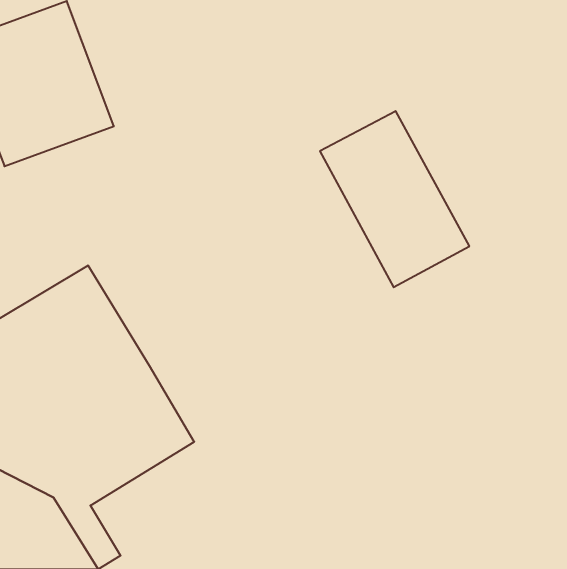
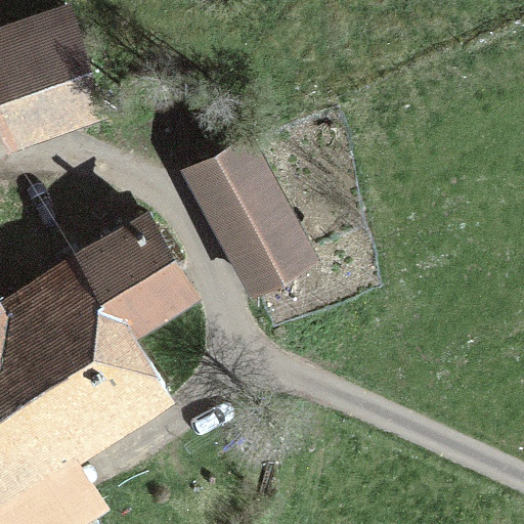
building: [320,111,469,287] -> [181,135,318,297]
building: none -> [81,208,198,336]

